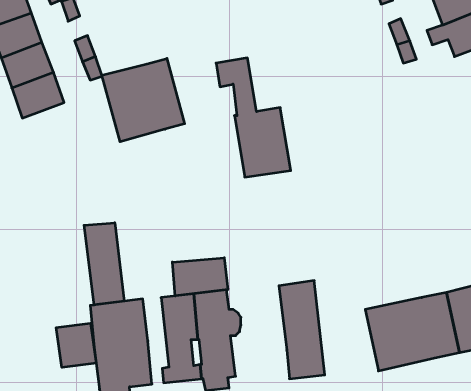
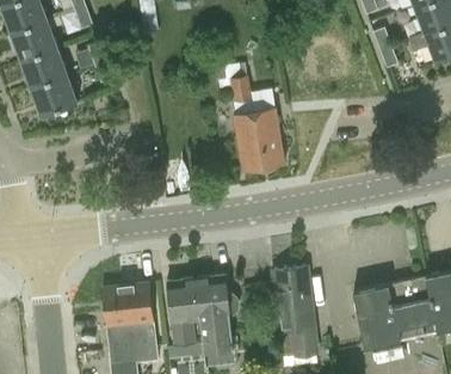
building: [102,58,185,142] -> none
building: [84,223,124,305] -> none
building: [172,258,228,296] -> none
building: [56,323,96,367] -> none

